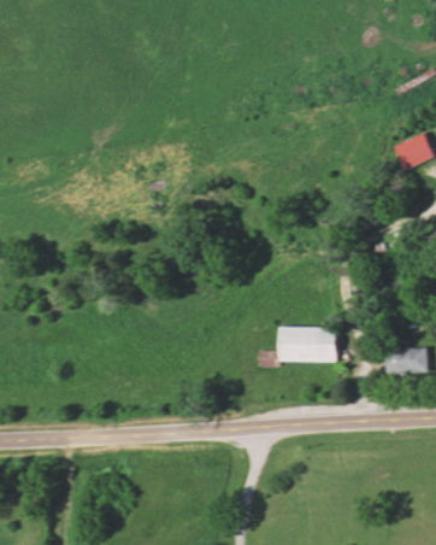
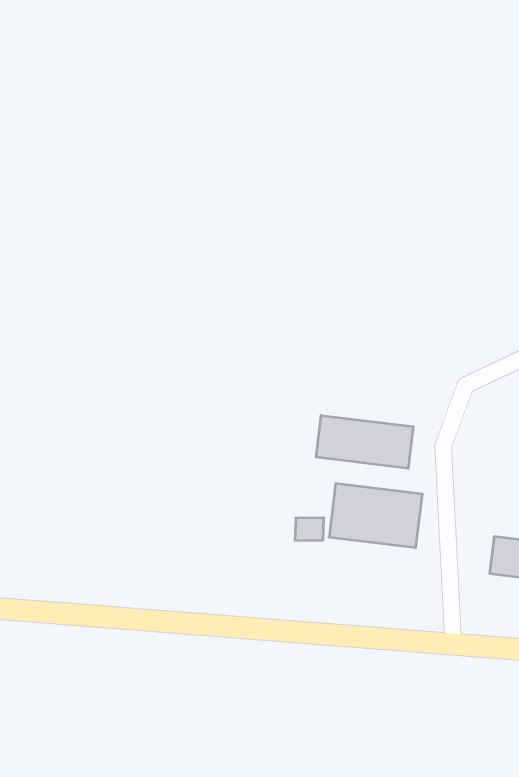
building: none -> [316,415,413,468]

